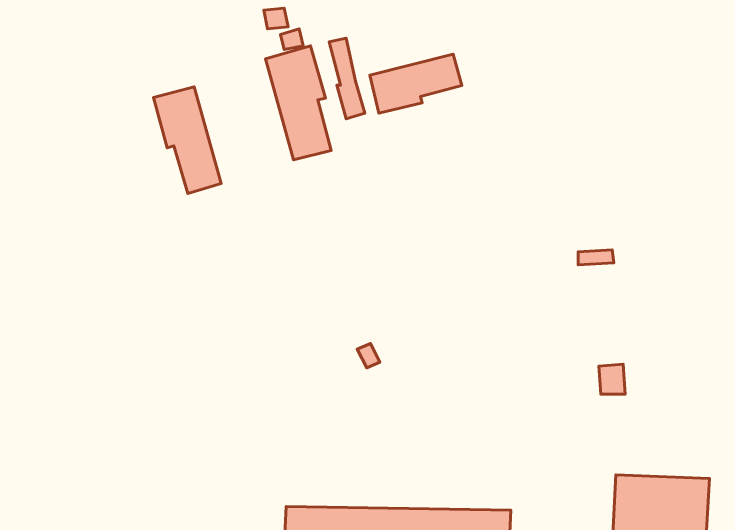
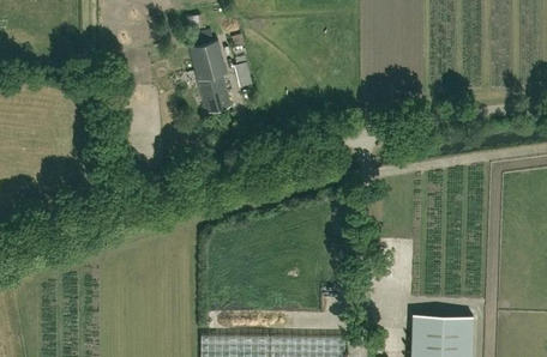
building: [370,54,462,113] -> none
building: [153,87,221,194] -> none

